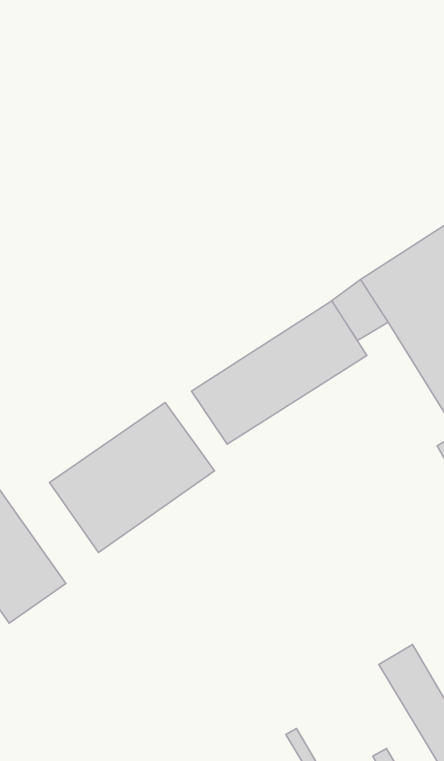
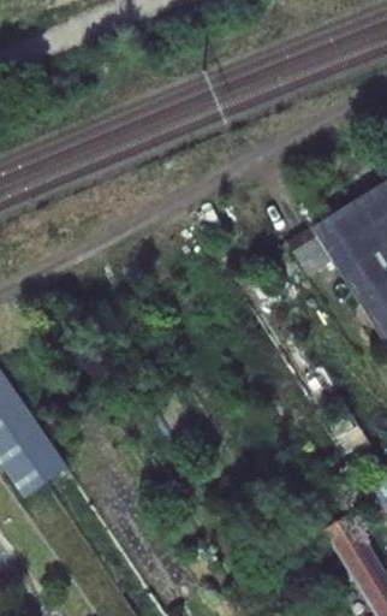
building: [192,301,367,444] -> none
building: [49,403,215,553] -> none

